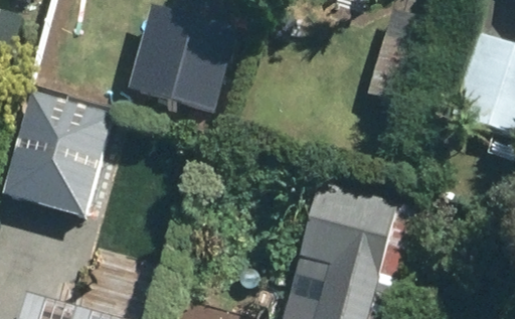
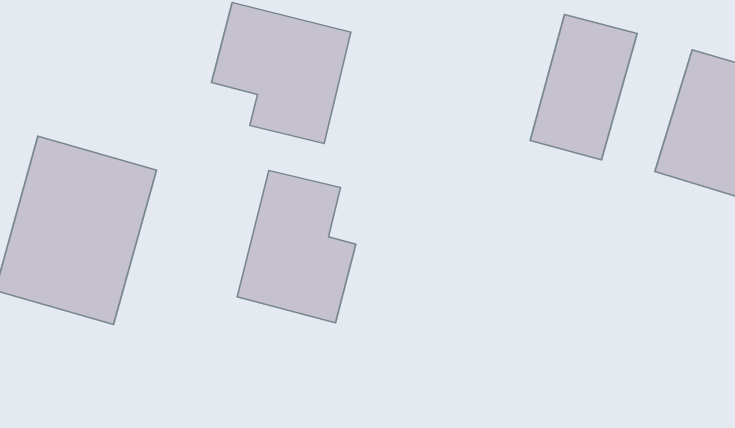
building: none -> [237,171,356,323]
building: [296,185,397,283] -> none

